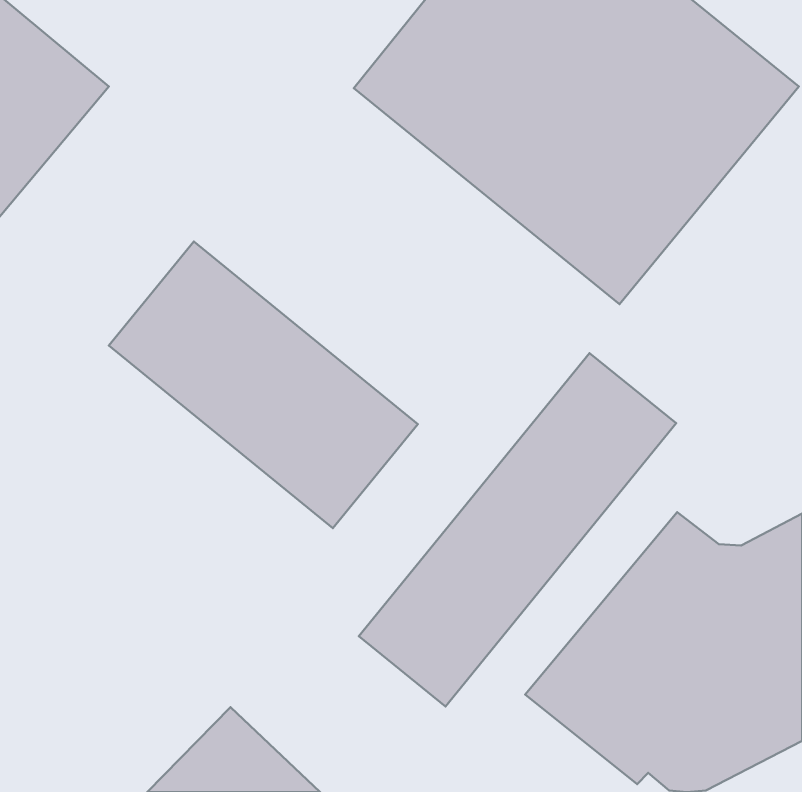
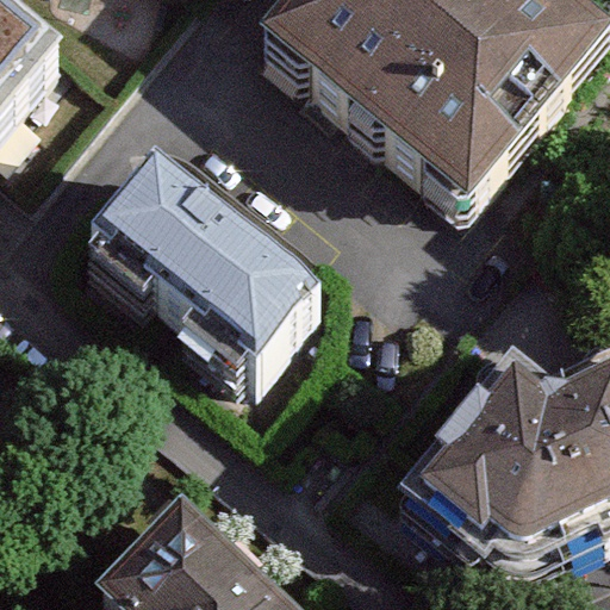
building: [359,353,676,706] -> none

